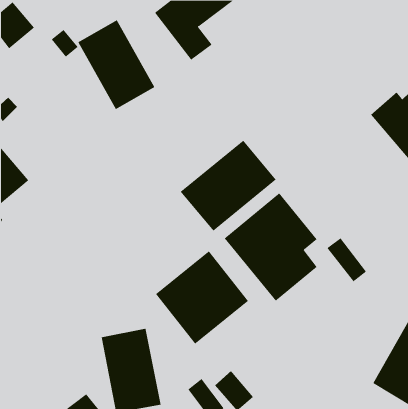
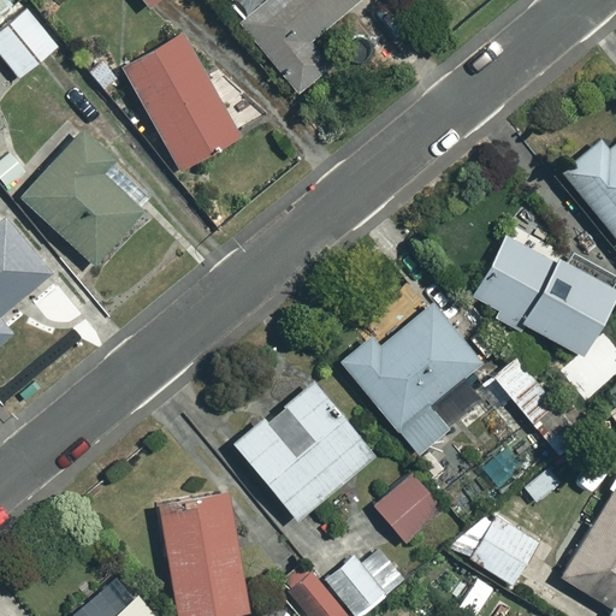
building: none -> [20,129,143,265]
building: [180,140,277,231] -> none
building: none -> [466,236,608,357]
building: none -> [375,474,444,544]
building: none -> [469,514,540,586]

